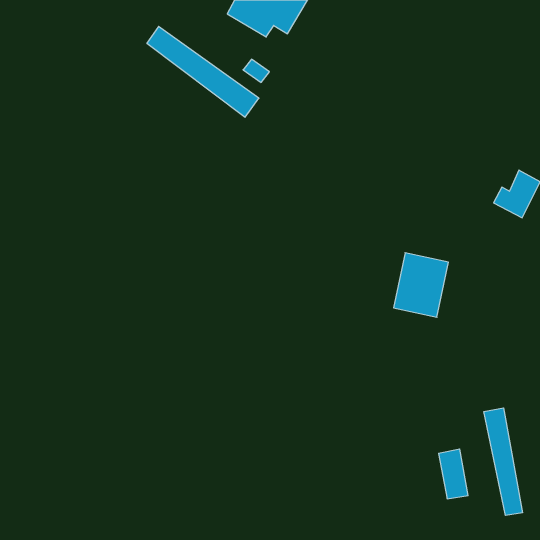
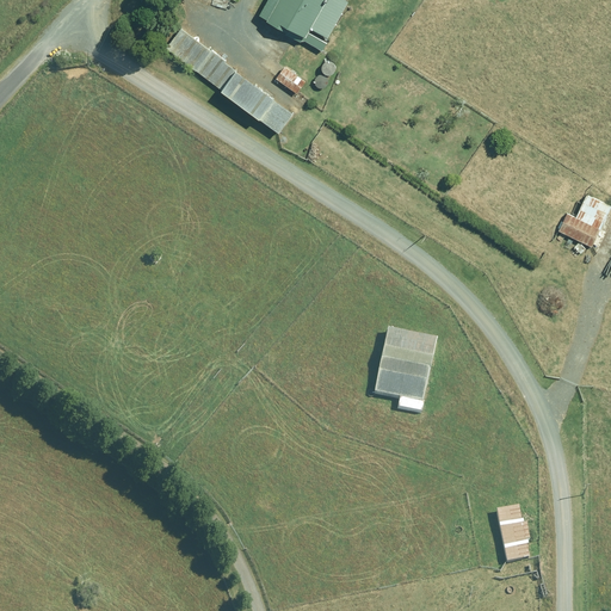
building: [394,253,448,317] -> [372,331,434,403]
building: [484,408,522,515] -> none

